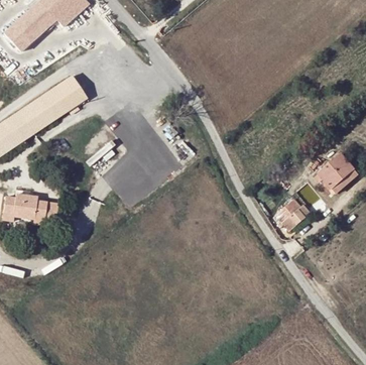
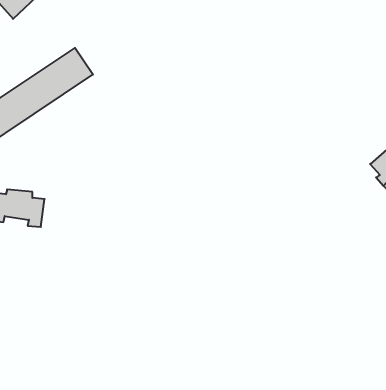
building: [275,197,311,230] -> none

